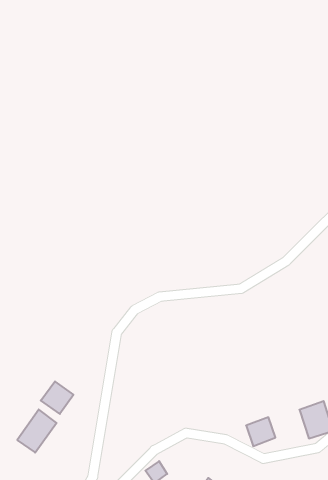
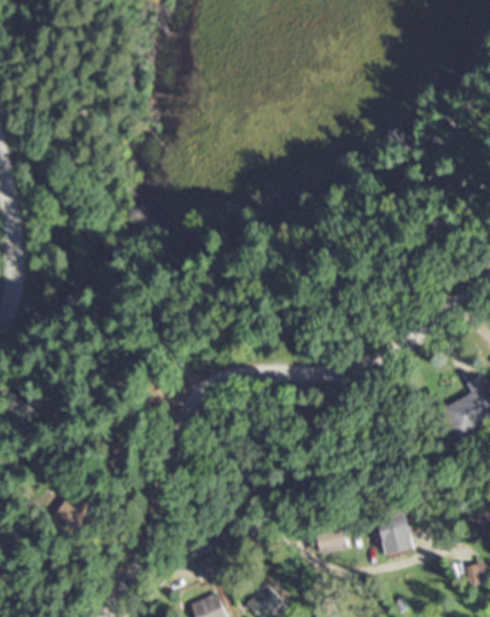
building: [41,381,73,414] -> none

